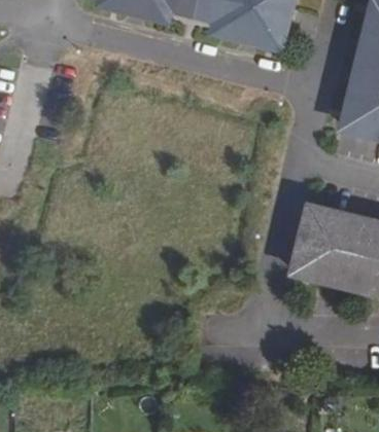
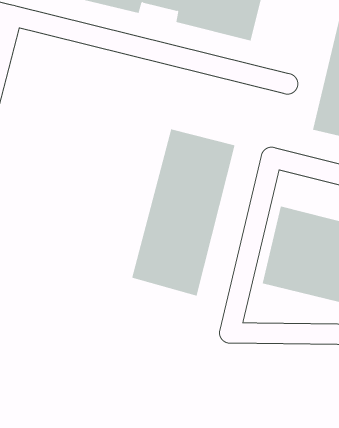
building: none -> [131,128,235,297]

